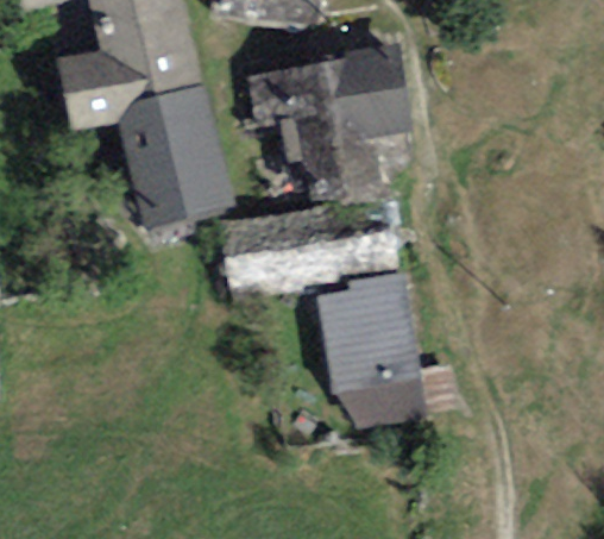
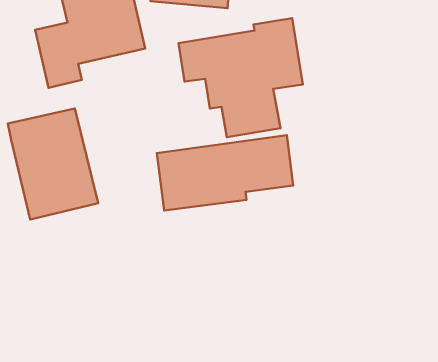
building: [113,82,233,230] -> [8,108,98,219]
building: [314,272,424,428] -> none

